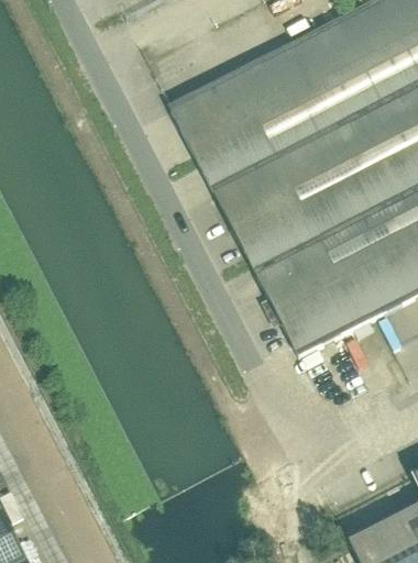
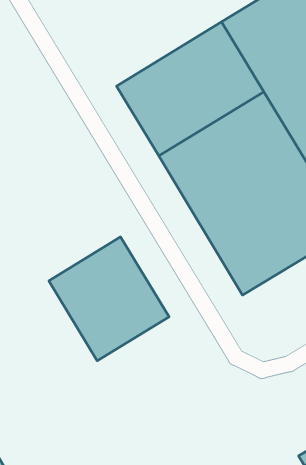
building: none -> [49,237,169,361]

